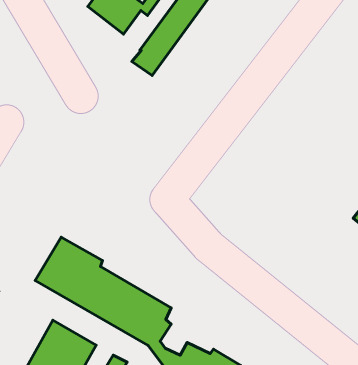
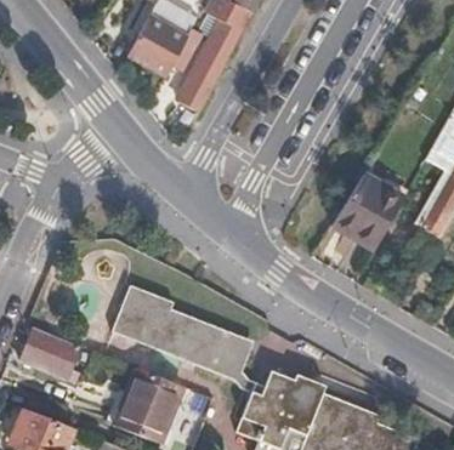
building: none -> [333,178,402,252]

